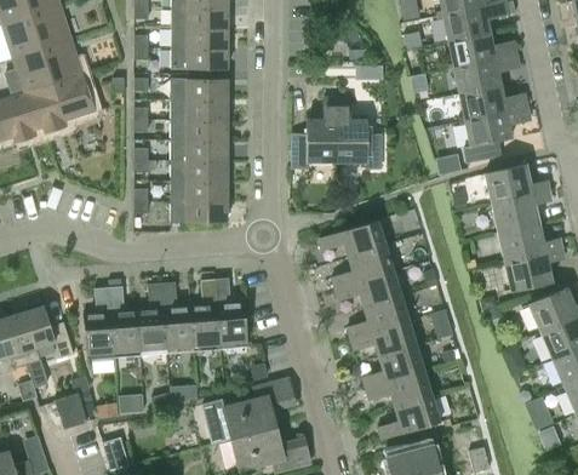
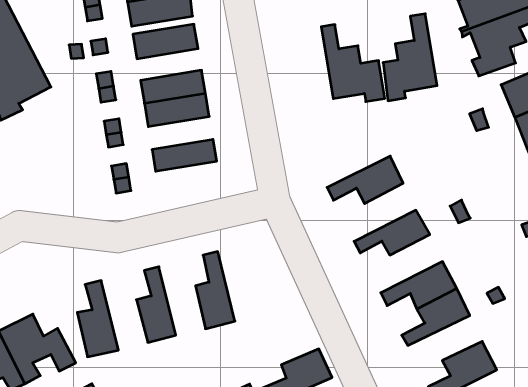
building: [292,98,337,168] -> [383,14,437,101]
building: [172,99,227,119] -> none
building: [172,160,227,181] -> none
building: [172,200,227,222] -> none
building: [331,246,393,290] -> none
building: [214,277,247,342] -> none
building: [161,282,193,345] -> none
building: [109,286,141,350] -> none
building: [347,294,408,338] -> none
building: [366,371,431,406] -> none

